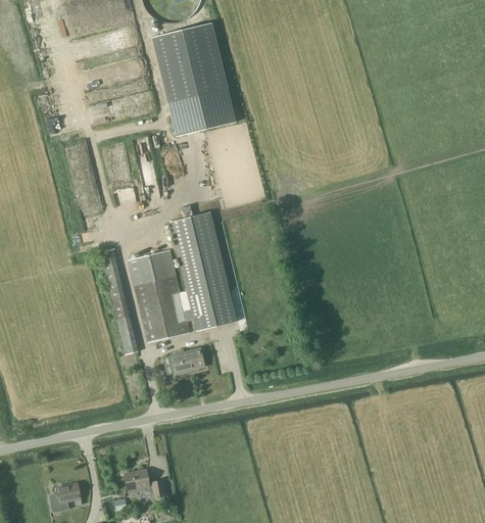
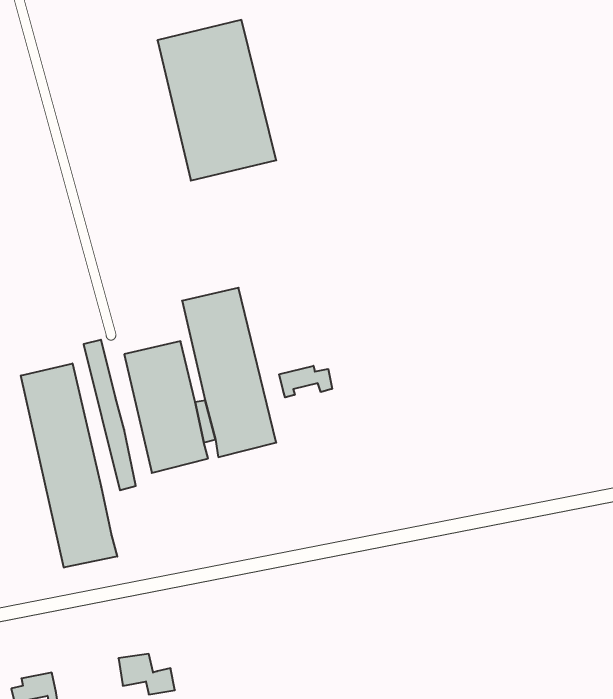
building: none -> [21,363,117,568]
building: none -> [279,366,332,397]
building: [162,348,204,374] -> none

